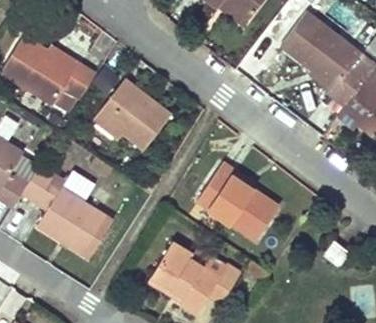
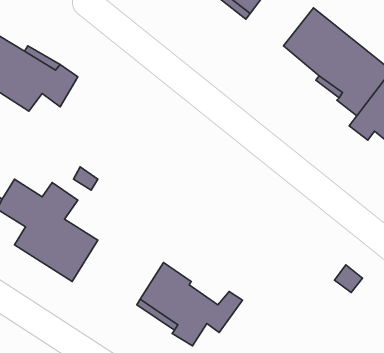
building: [93,79,172,149] -> none
building: [197,162,278,239] -> none

